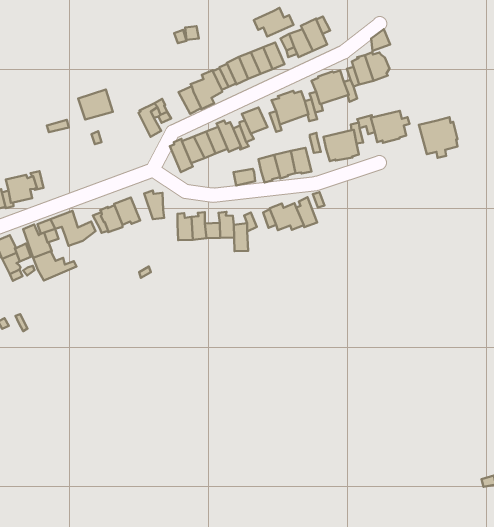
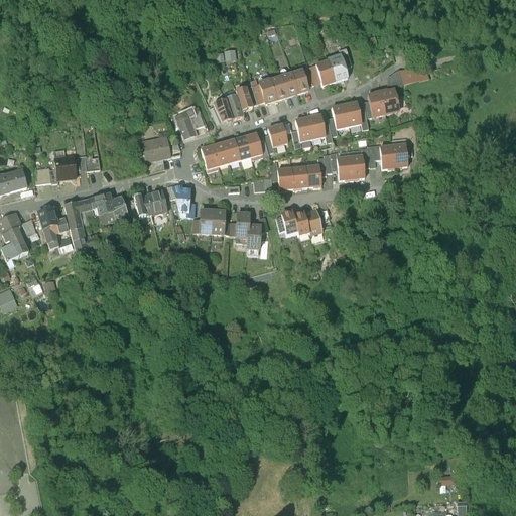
building: [254,8,294,37] -> none
building: [78,90,113,119] -> [141,137,170,161]
building: [419,117,458,158] -> none

